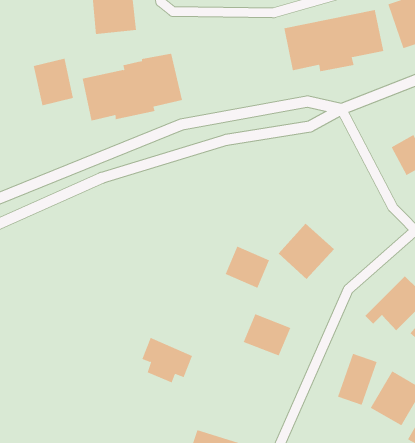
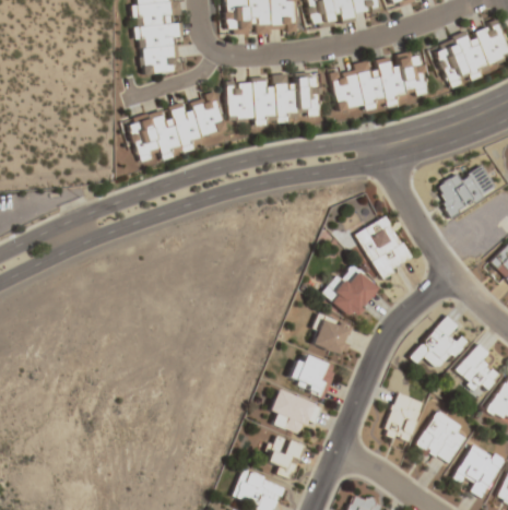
building: none -> [225,70,321,121]
building: [33,58,74,106] -> none
building: none -> [354,214,411,277]
building: [225,246,270,288] -> [308,312,353,355]
building: [141,337,193,383] -> [269,388,320,434]
building: none -> [263,435,304,475]

